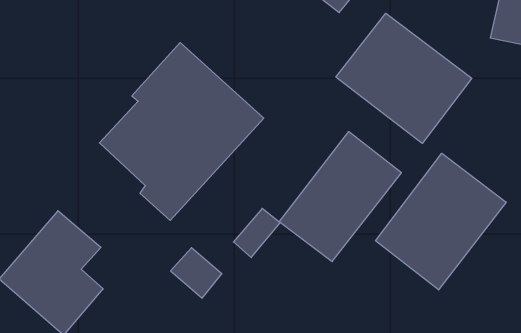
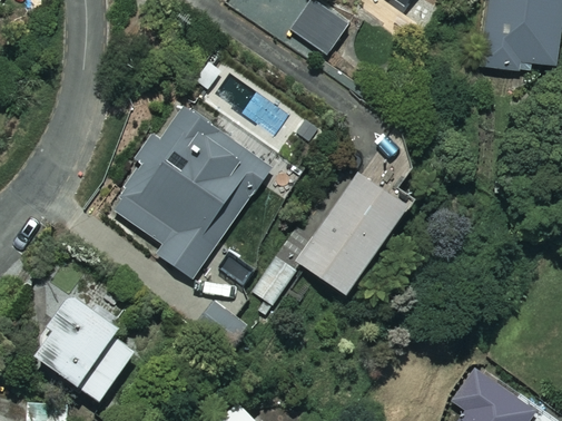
building: [336,13,472,143] -> none
building: [375,153,506,290] -> none

